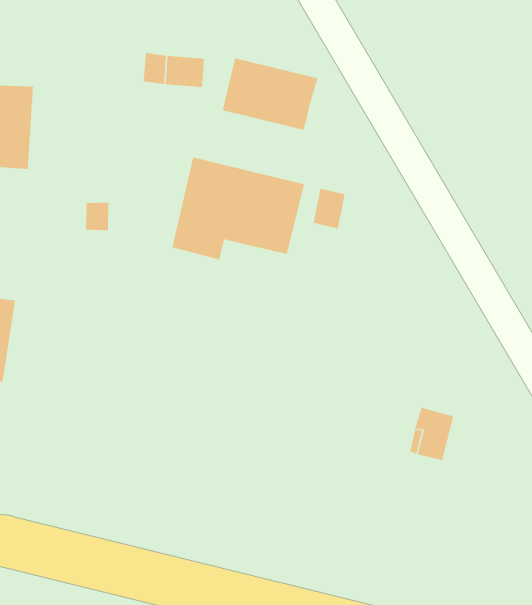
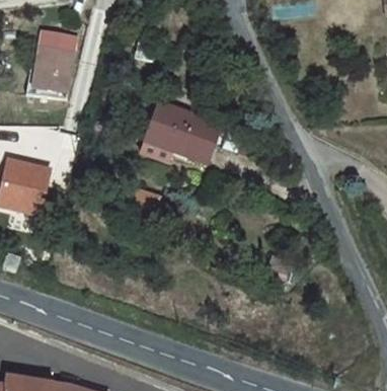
building: [222,58,318,131] -> none

